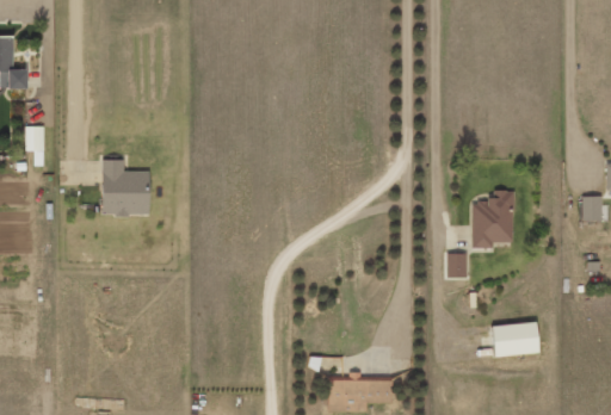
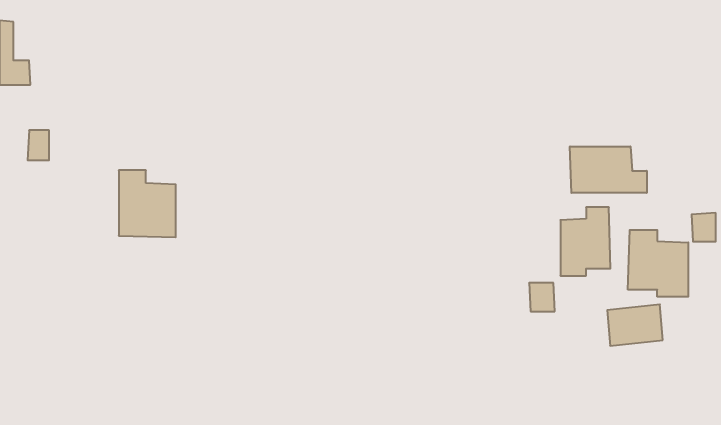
building: none -> [570,146,647,193]
building: none -> [628,230,688,297]
building: [492,322,538,357] -> [607,304,663,346]

